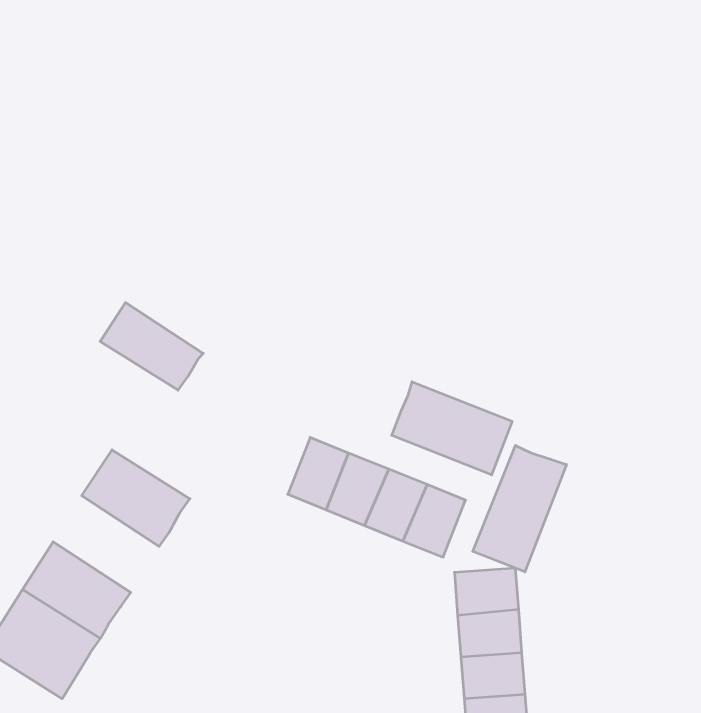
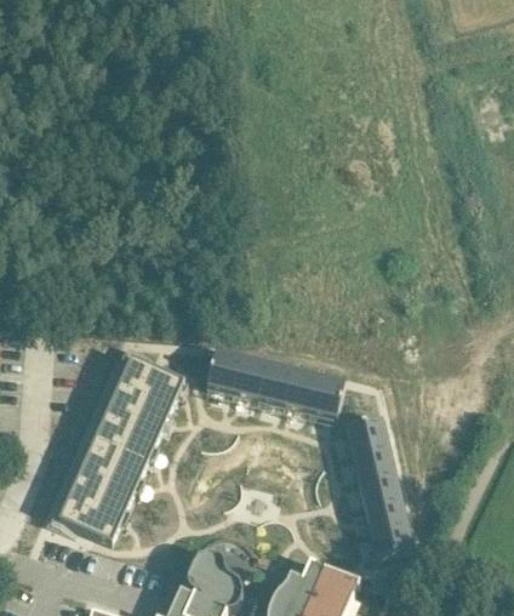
building: [100,303,203,390] -> [119,354,184,404]
building: [392,382,512,475] -> none
building: none -> [206,347,241,392]
building: [473,445,566,572] -> none
building: none -> [91,412,158,468]

